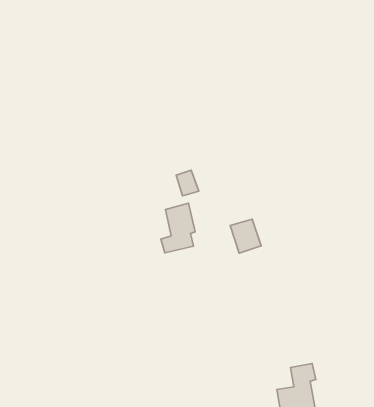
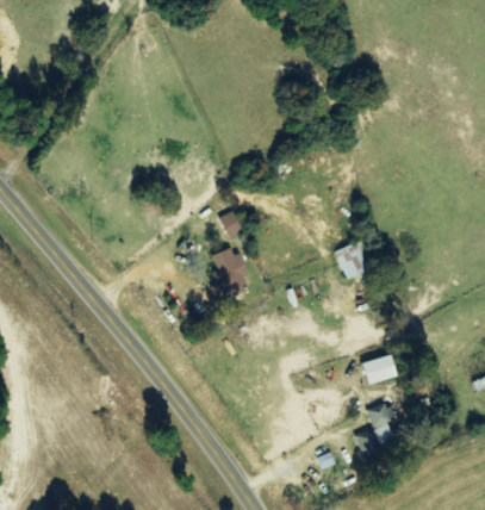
building: [230,219,261,253] -> [334,242,369,280]
building: none -> [363,355,398,384]

